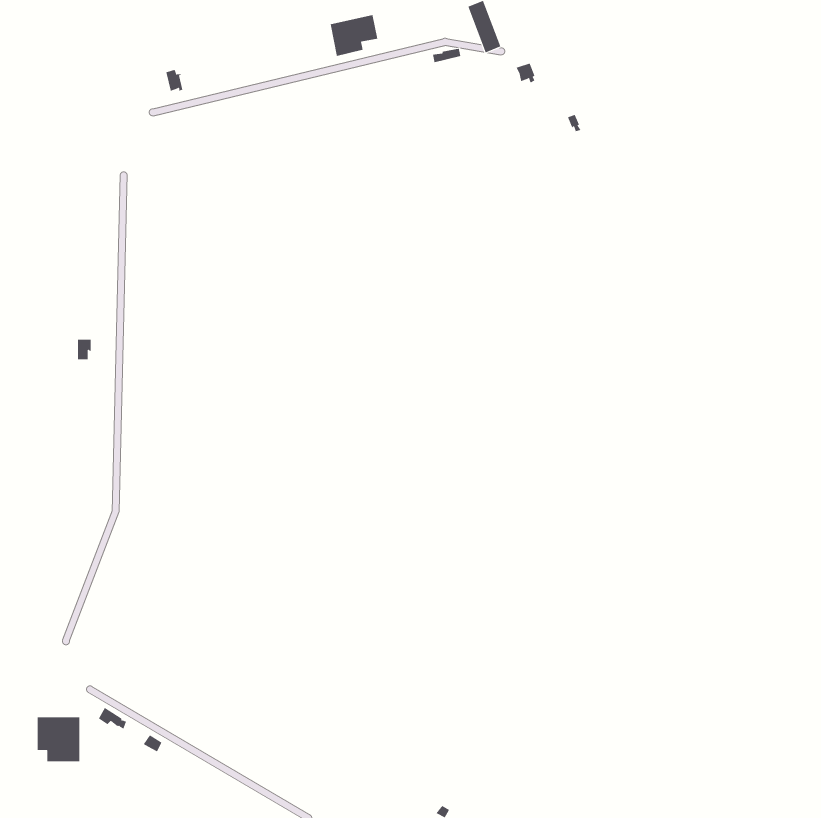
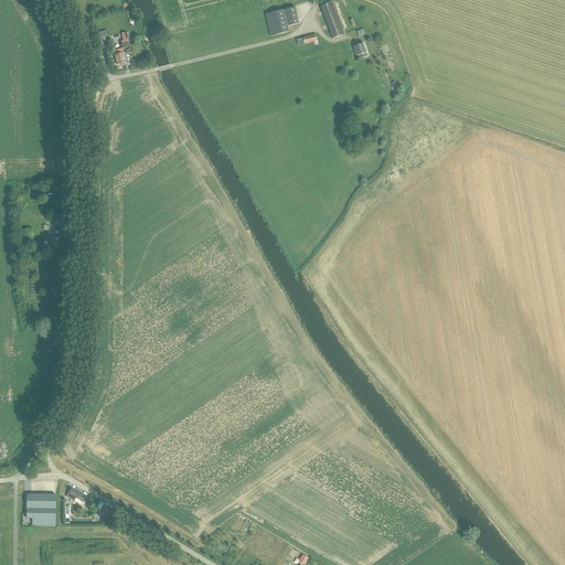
building: [330,15,378,56] -> [266,6,299,34]

